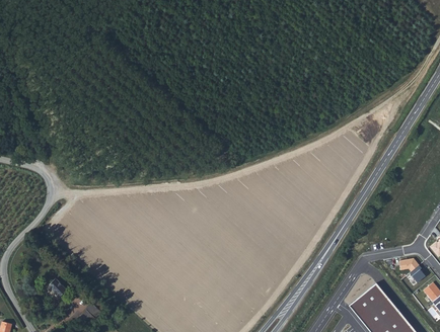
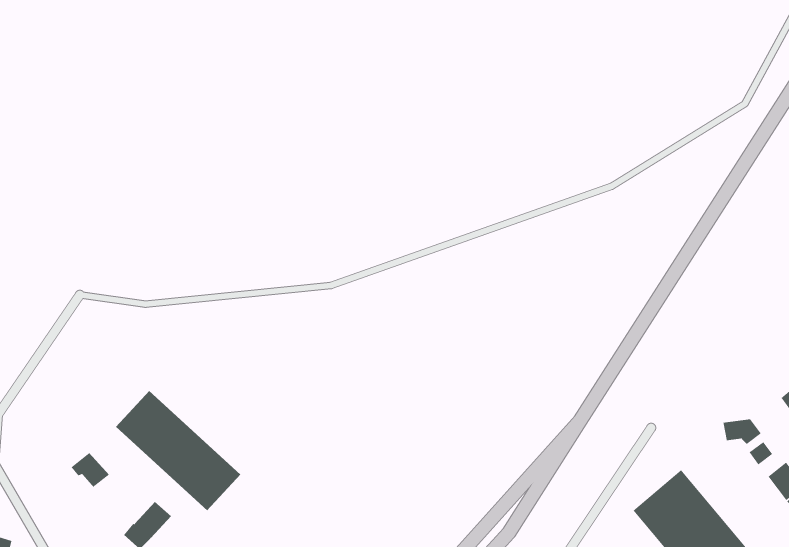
building: none -> [115,390,241,511]

